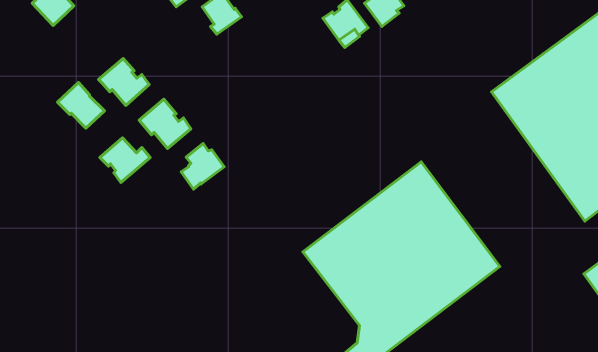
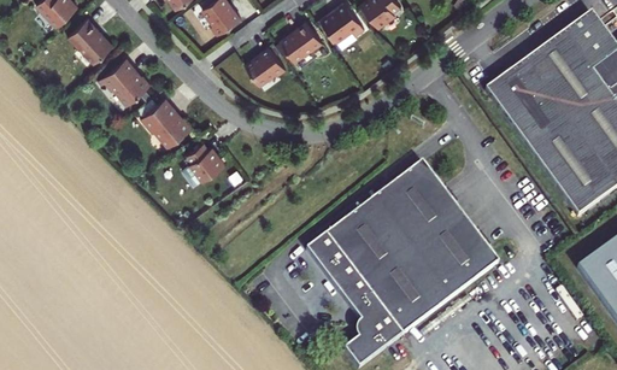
building: none -> [281,22,323,61]
building: none -> [246,47,287,84]
building: [58,83,104,128] -> [67,18,113,63]
building: [100,138,150,182] -> none

